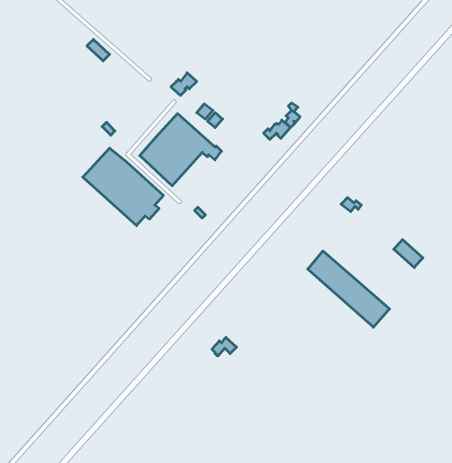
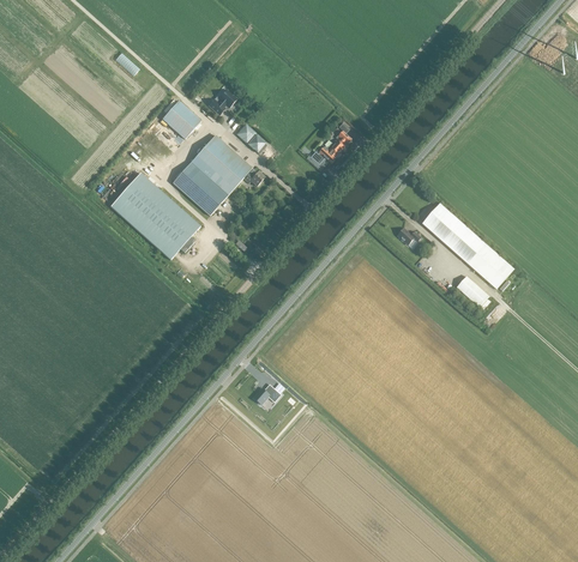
building: none -> [161,99,200,138]
building: [308,251,390,327] -> [422,203,513,288]

